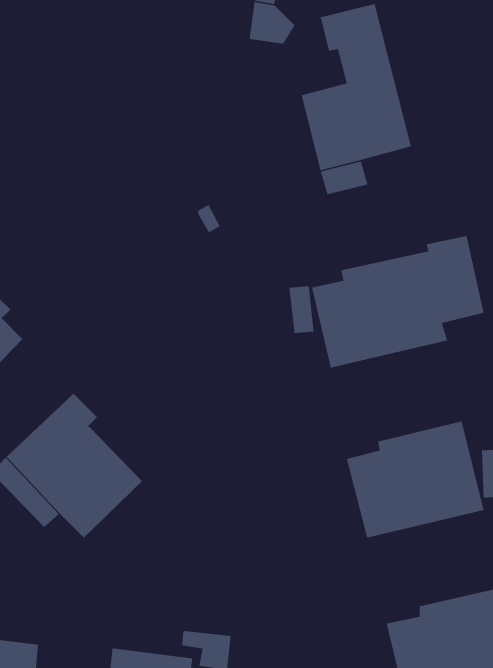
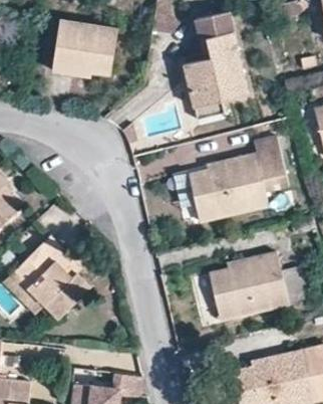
building: none -> [52,19,116,76]

